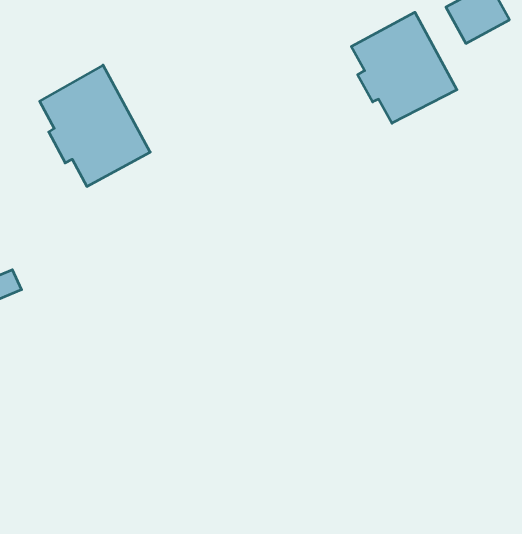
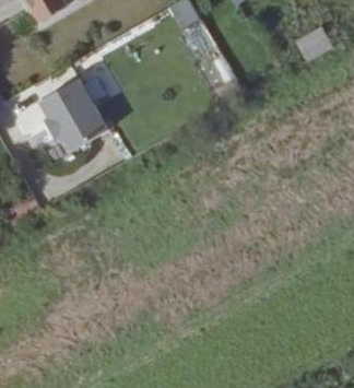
building: [351,12,457,123] -> none

